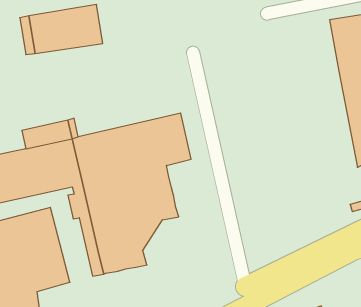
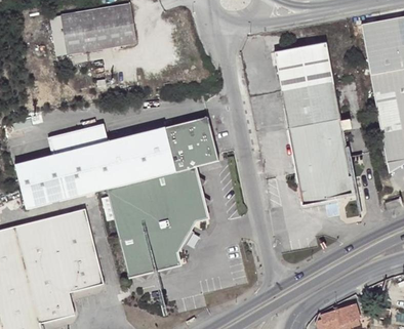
building: none -> [275,42,355,205]

